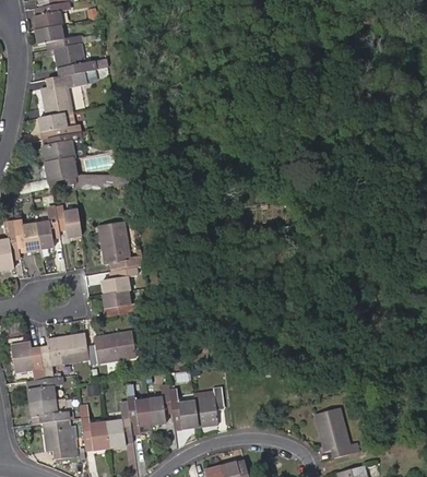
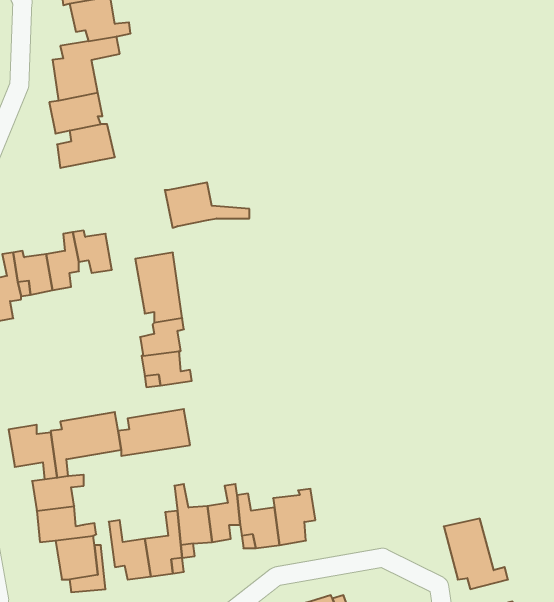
building: [44,157,103,189] -> [165,182,249,228]

